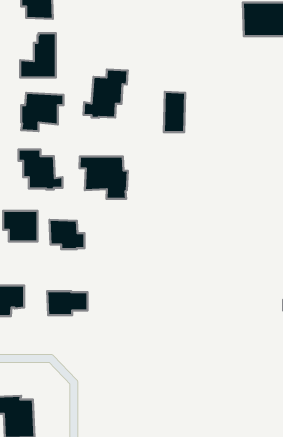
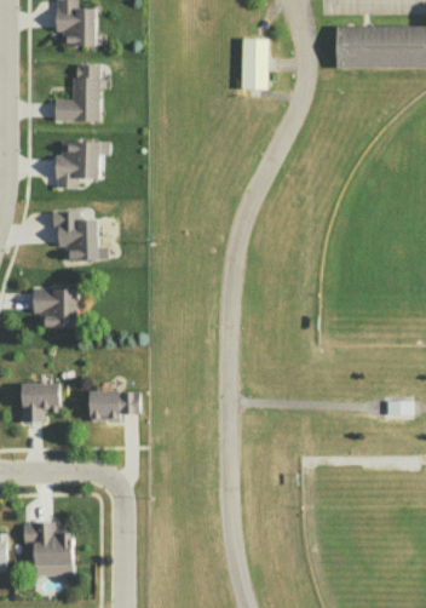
building: [83,69,128,118] -> none
building: [164,92,185,132] -> [241,38,267,88]
building: [79,157,128,199] -> none
building: [50,220,85,249] -> none

